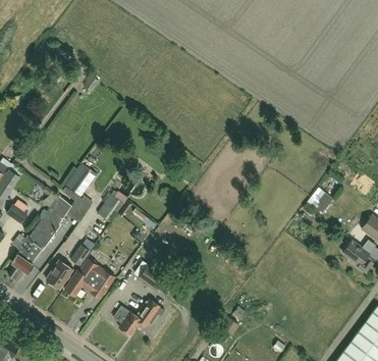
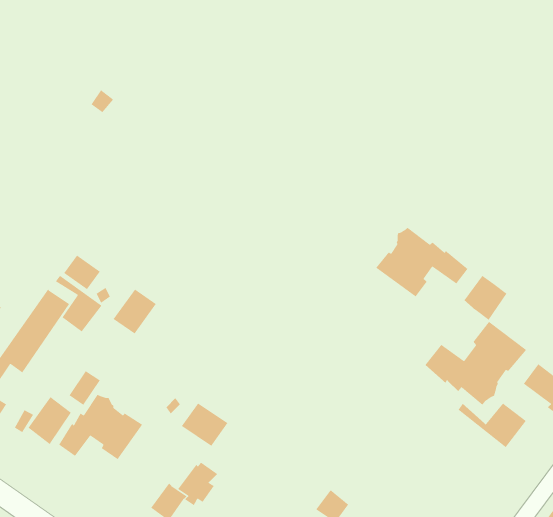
building: none -> [375,227,468,298]
building: none -> [425,321,527,405]
building: none -> [457,403,527,448]

